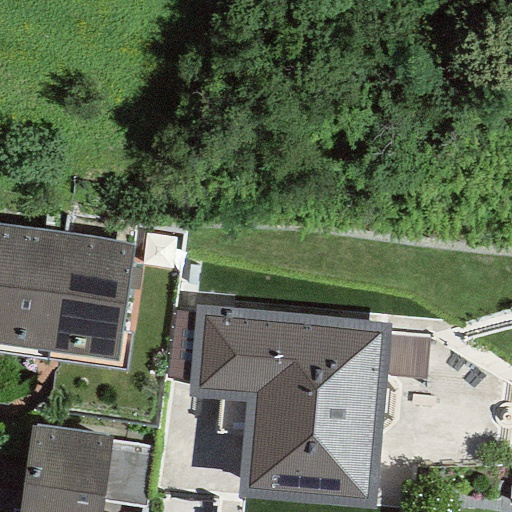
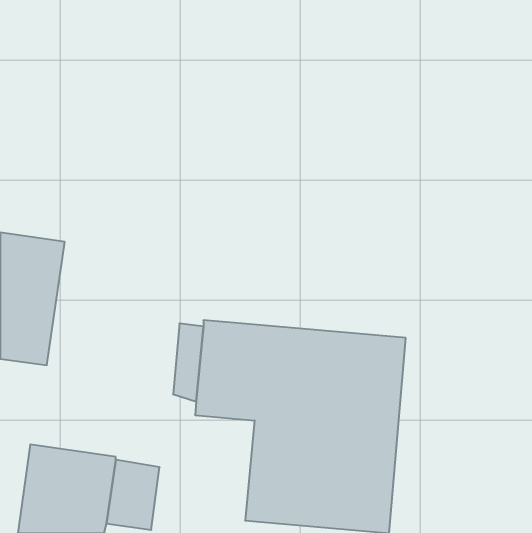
building: [46,232,132,360] -> none

